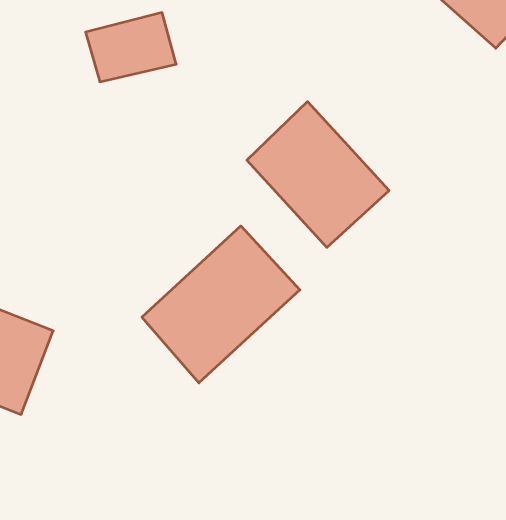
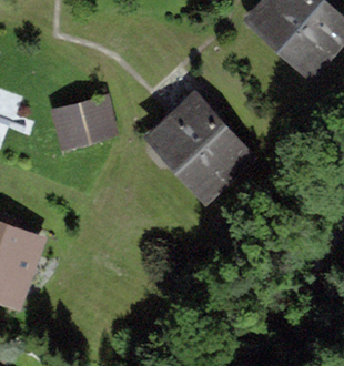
building: [86,13,176,82] -> [55,98,112,141]
building: [142,226,300,383] -> none

